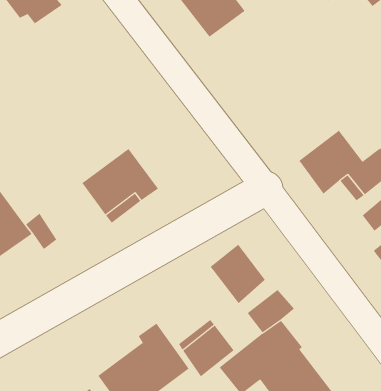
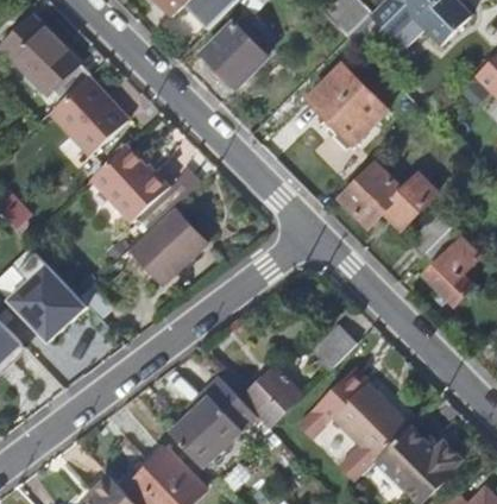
building: none -> [50,77,127,155]
building: none -> [306,63,386,145]
building: none -> [88,145,168,222]
building: [210,244,266,304] -> none

